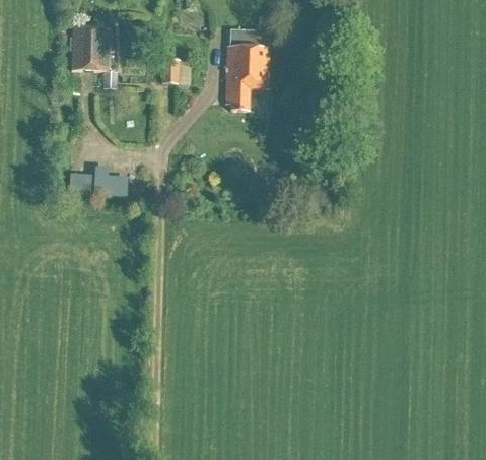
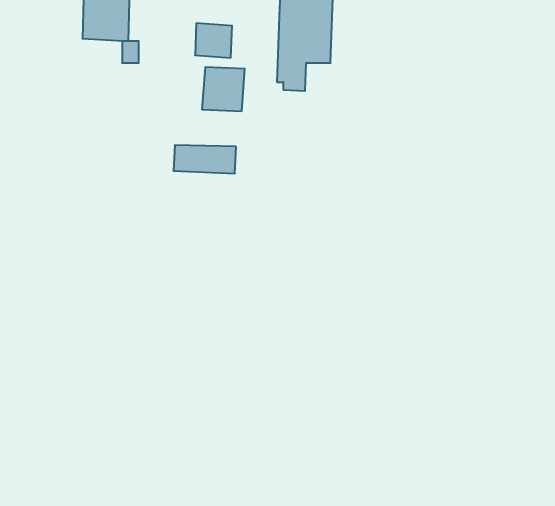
building: none -> [202,67,245,111]
building: [75,172,125,194] -> [173,145,236,173]

